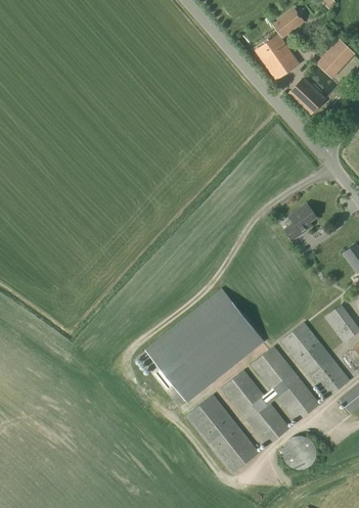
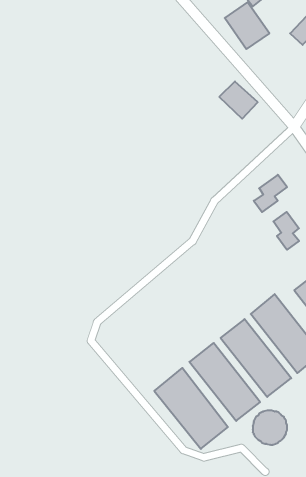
building: [287,78,325,114] -> [219,81,258,119]
building: none -> [273,212,299,250]
building: [144,288,263,402] -> none

